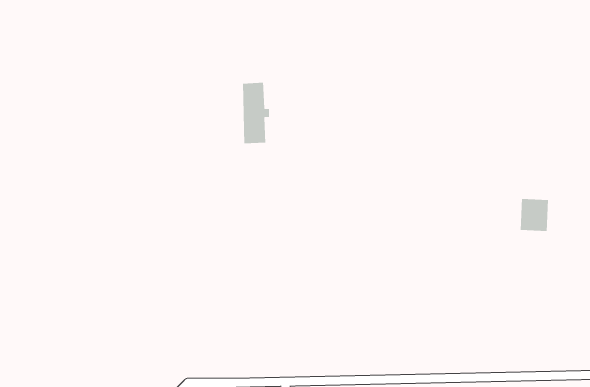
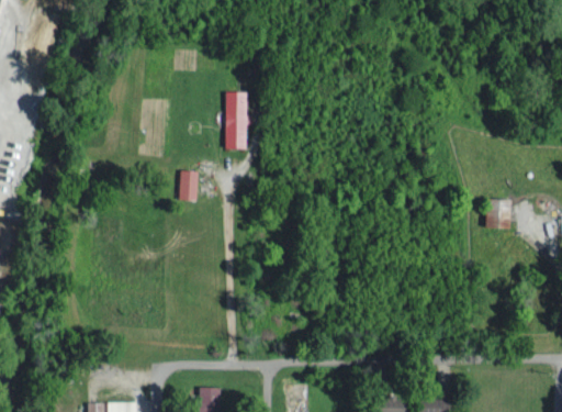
building: none -> [181,171,201,200]

